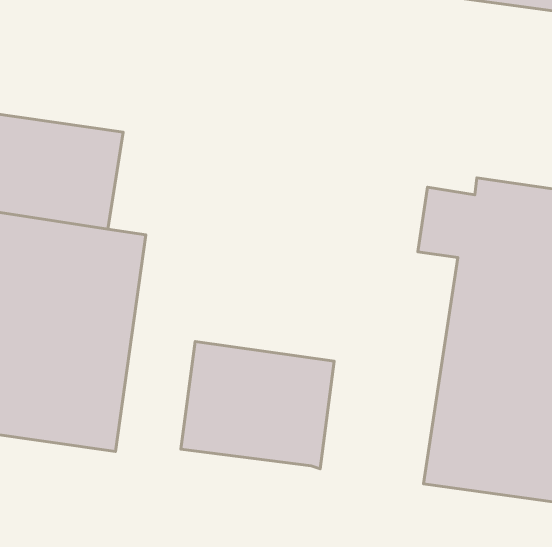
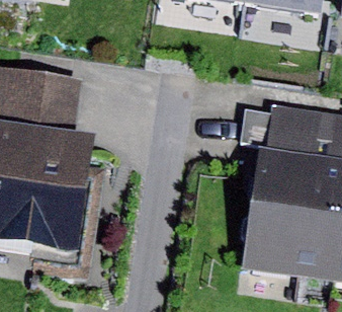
building: [181,342,334,469] -> none

